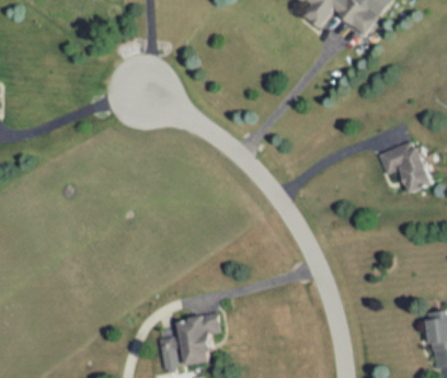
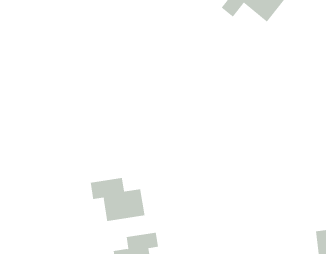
building: [379,142,432,193] -> none
building: none -> [90,177,145,222]

